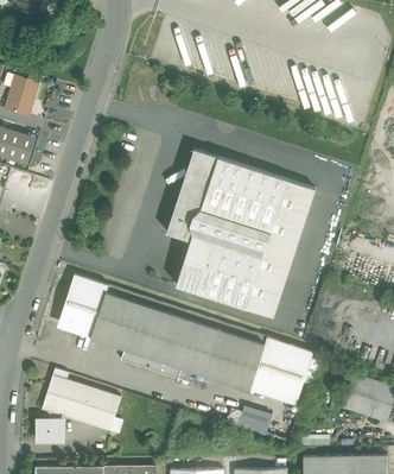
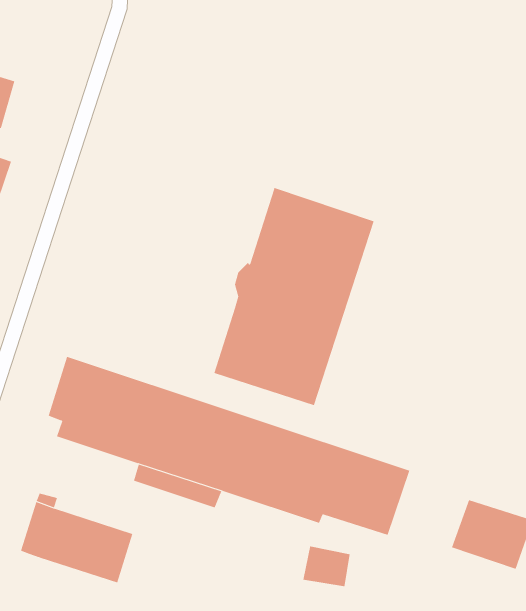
building: [166,148,217,240] -> none
building: [246,179,316,317] -> none
building: [36,411,63,440] -> none

